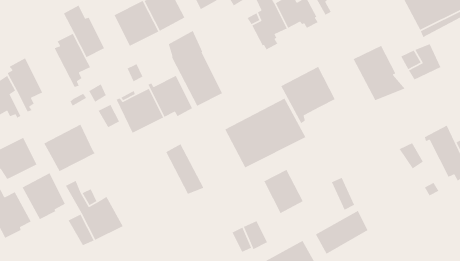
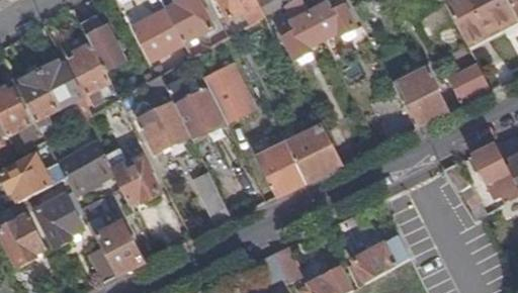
building: none -> [38,62,86,110]
building: [280,66,336,124] -> none
building: none -> [112,157,159,205]
building: [263,169,304,214] -> none

